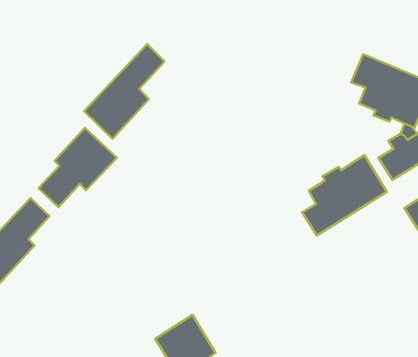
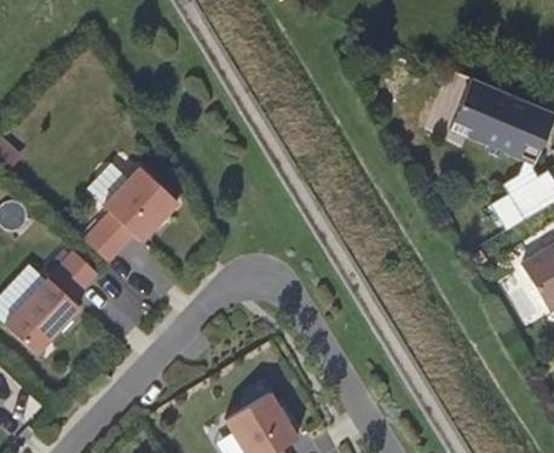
building: [84,44,165,139] -> none
building: [302,155,387,236] -> none

